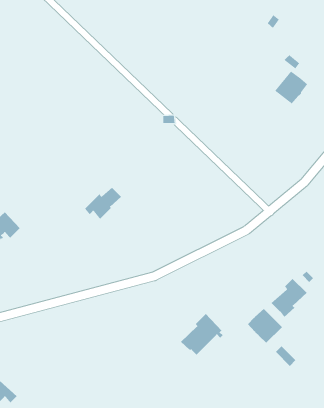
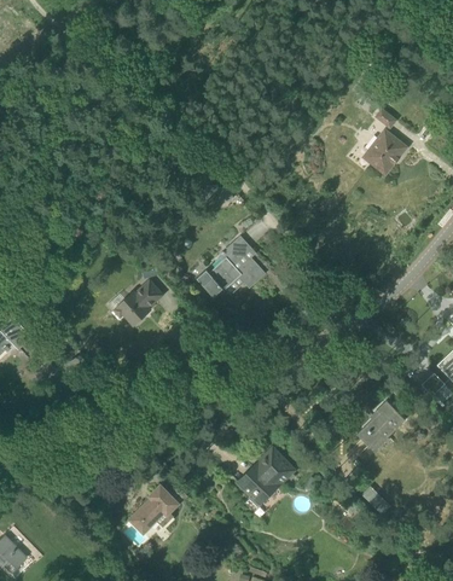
building: none -> [193,236,265,290]
building: [247,308,283,343] -> none
building: none -> [128,484,179,534]

